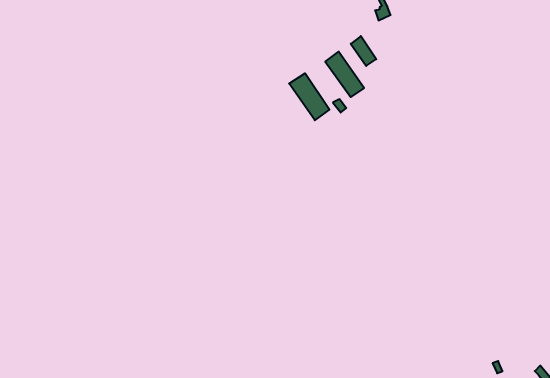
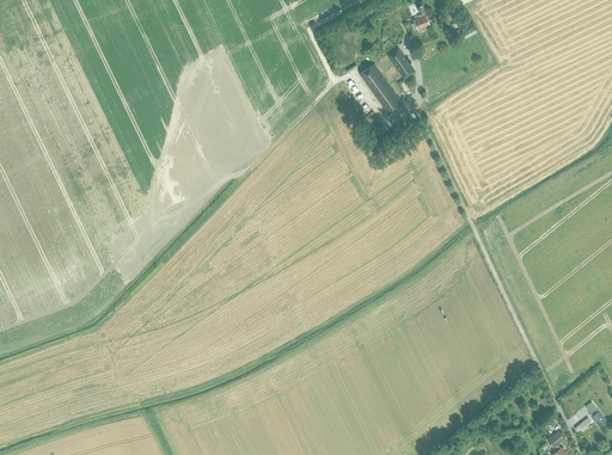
building: [289,73,329,120] -> none

